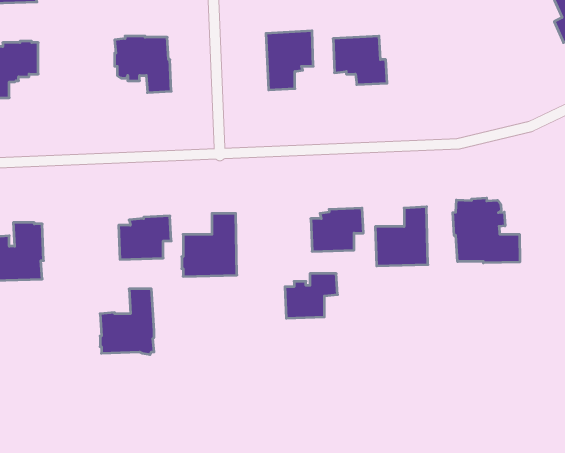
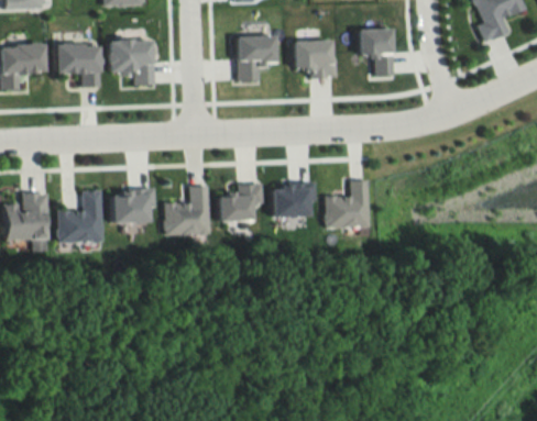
building: none -> [358,27,394,76]
building: none -> [56,43,102,87]
building: [453,198,520,263] -> none
building: [285,274,338,318] -> [219,186,263,223]
building: [100,289,154,355] -> [59,191,105,246]

